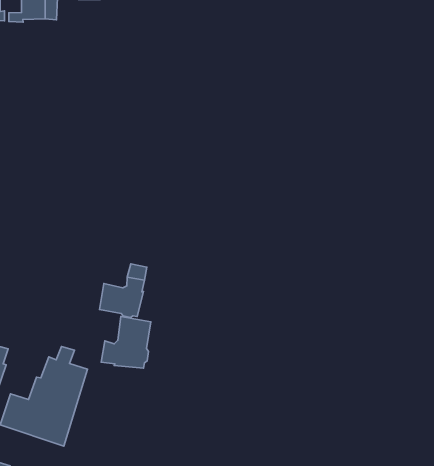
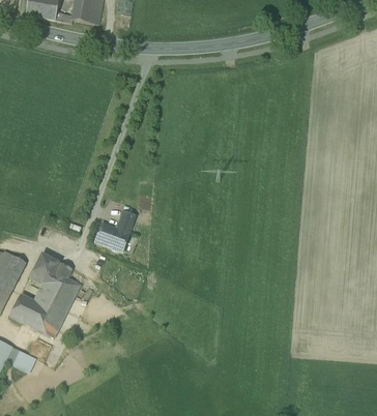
building: [101,317,151,368] -> none
building: none -> [29,252,63,285]

